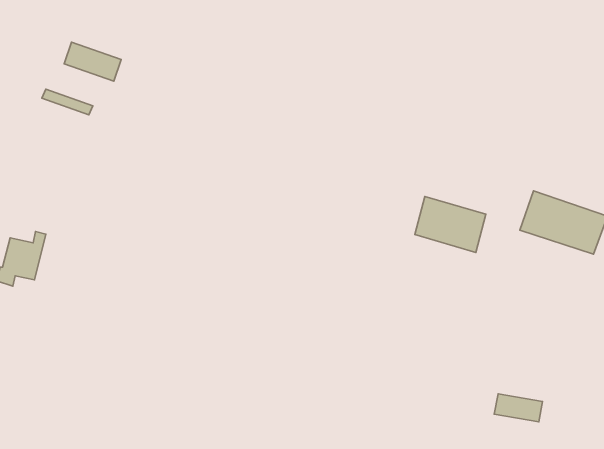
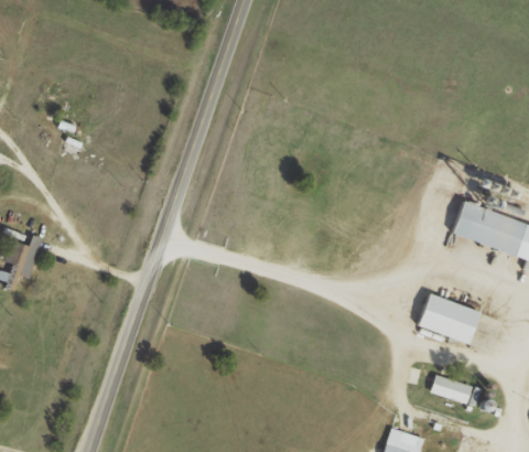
building: [64,42,121,81] -> none
building: [415,197,486,252] -> [419,294,481,343]

